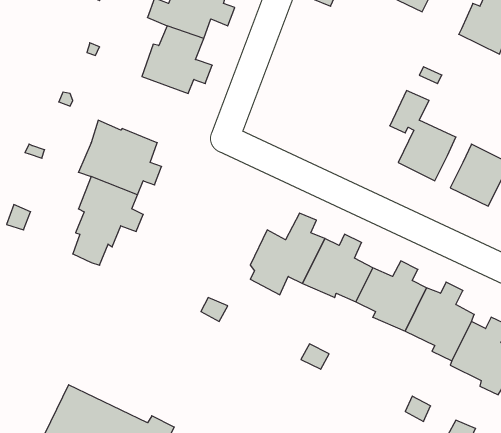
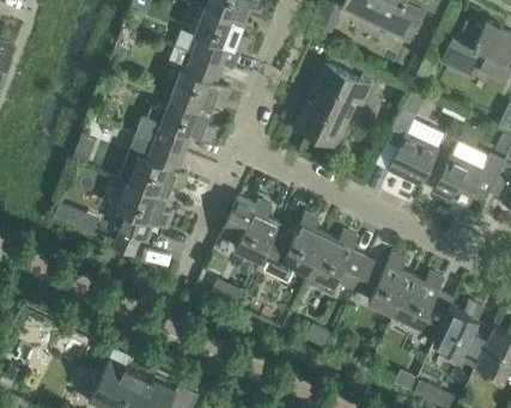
building: none -> [296,63,371,145]
building: none -> [134,97,215,153]
building: none -> [219,201,280,261]

